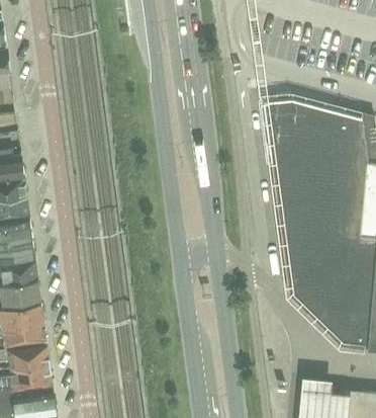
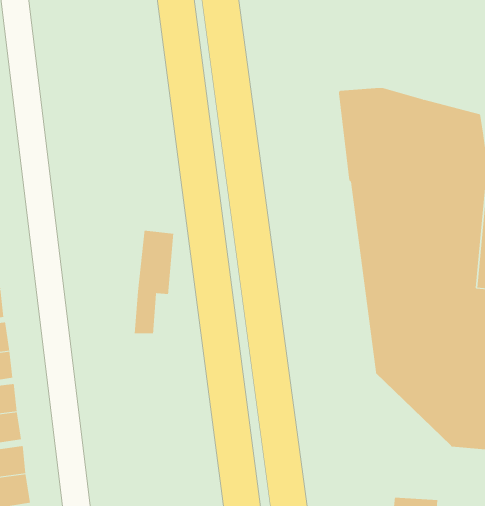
building: none -> [134,230,174,334]

